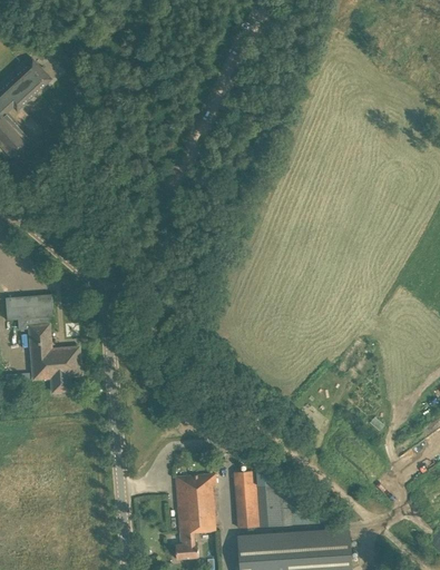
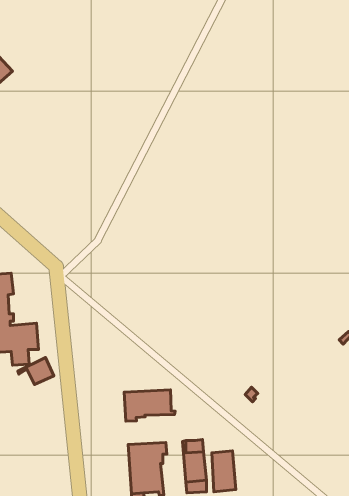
building: none -> [18,357,54,384]
building: none -> [124,390,175,421]

